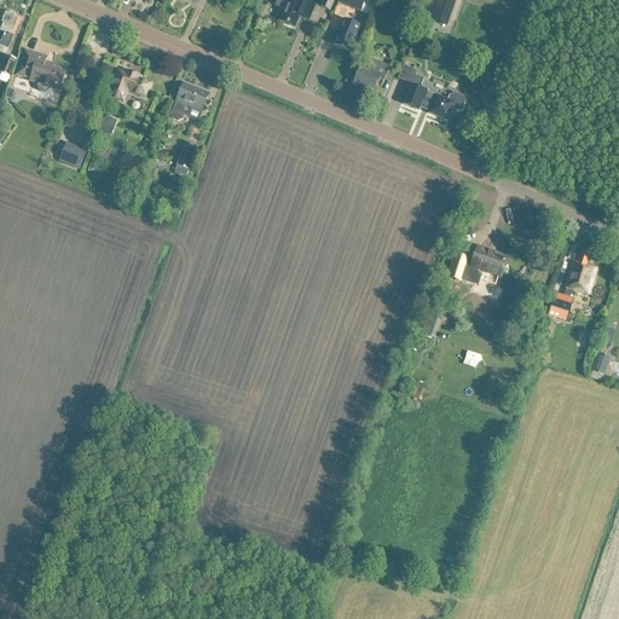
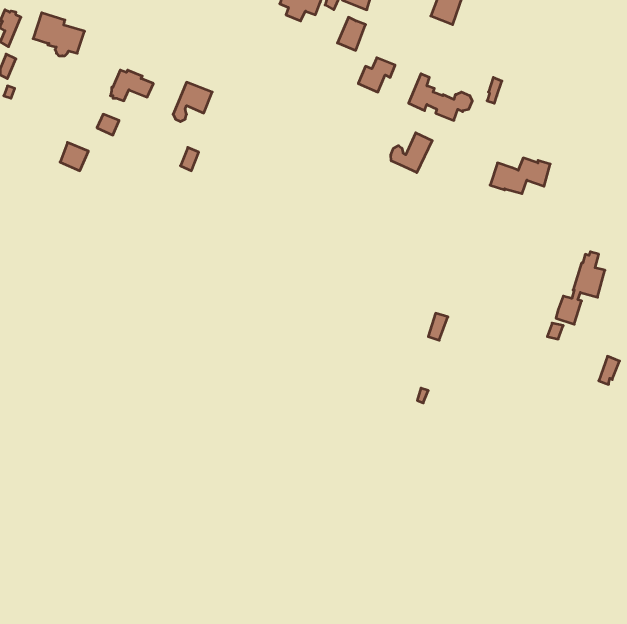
building: [16,48,66,91] -> [33,13,85,56]
building: none -> [391,133,432,173]
building: [446,248,505,283] -> [490,158,550,194]

